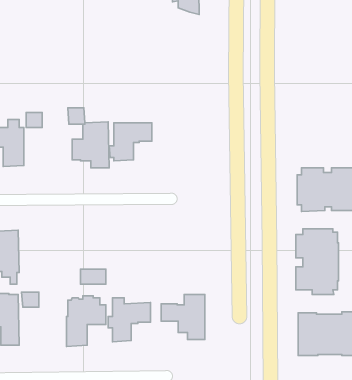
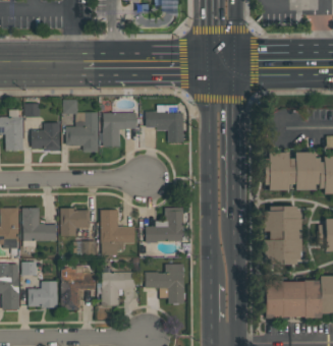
building: none -> [146,104,183,141]
building: none -> [32,122,60,150]
building: none -> [22,207,56,247]
building: none -> [60,208,90,235]
building: none -> [146,208,183,242]
building: none -> [100,209,134,254]
building: none -> [27,280,58,307]

